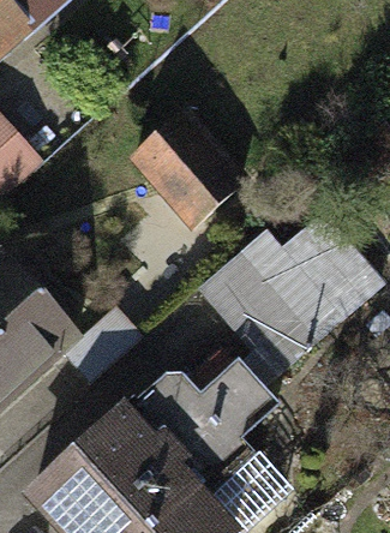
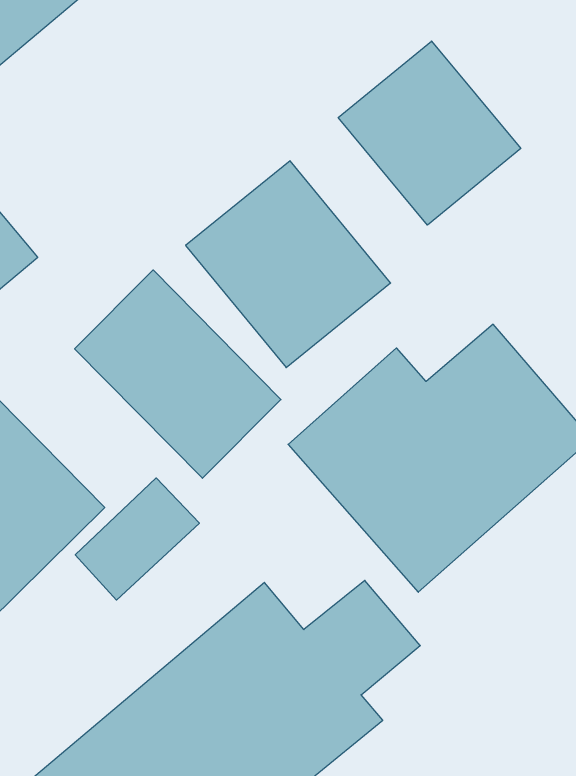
building: none -> [338,41,521,225]
building: none -> [75,270,281,478]

